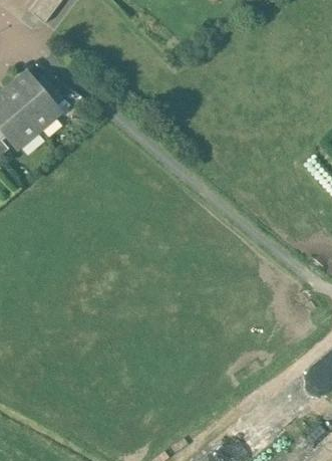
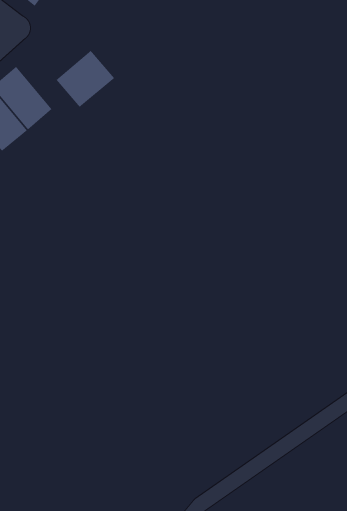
building: none -> [55,50,115,108]

